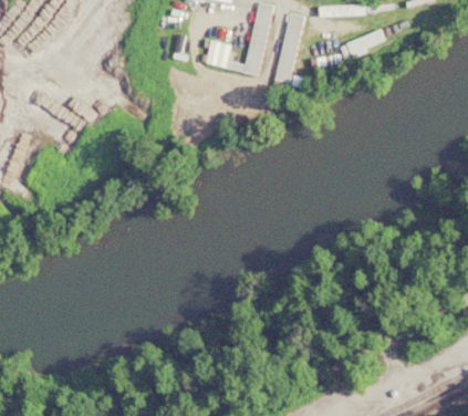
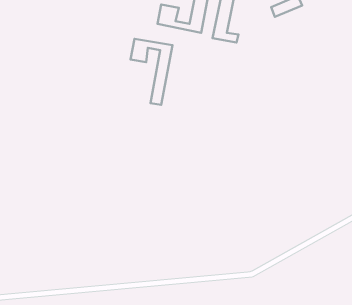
building: none -> [131,39,173,105]

